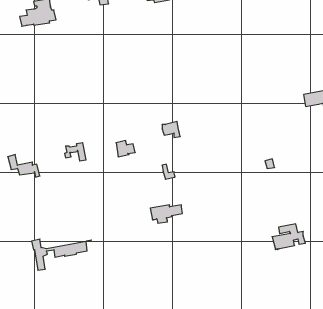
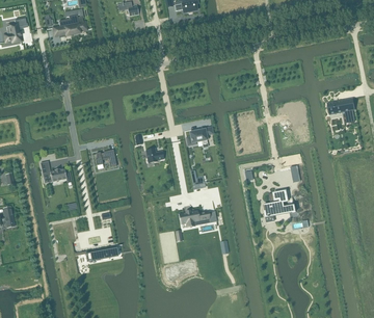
building: [272,224,305,250] -> [263,192,295,217]

